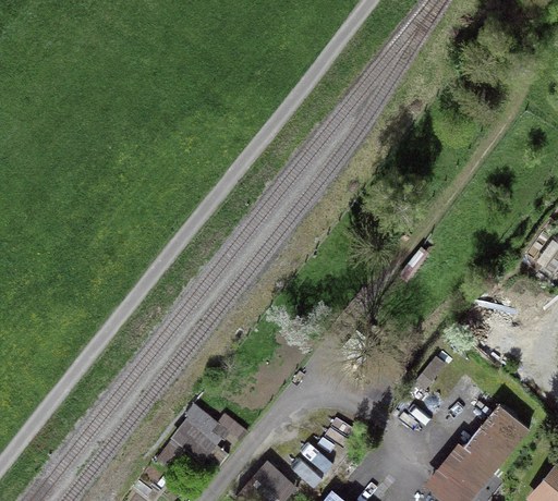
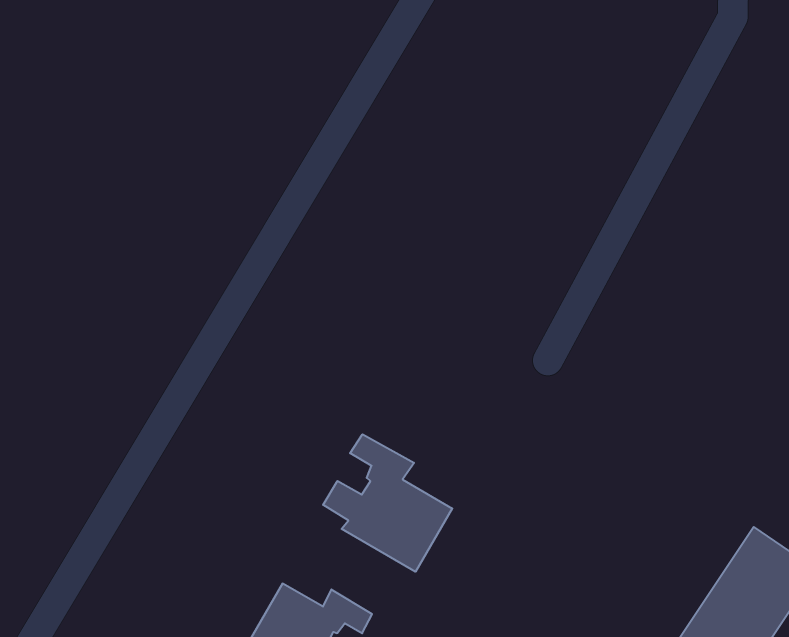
building: none -> [323,434,452,572]

